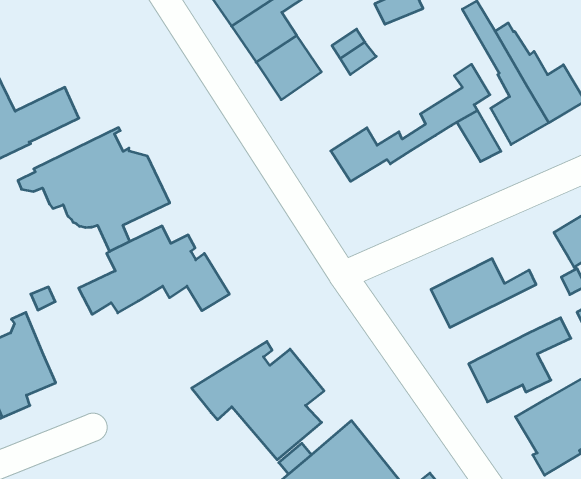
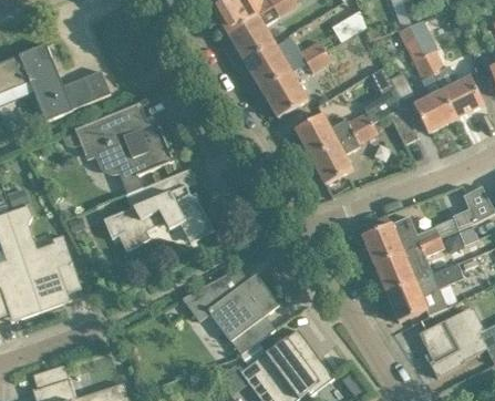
building: none -> [260,70,309,116]
building: none -> [308,122,378,183]
building: none -> [374,236,444,291]

